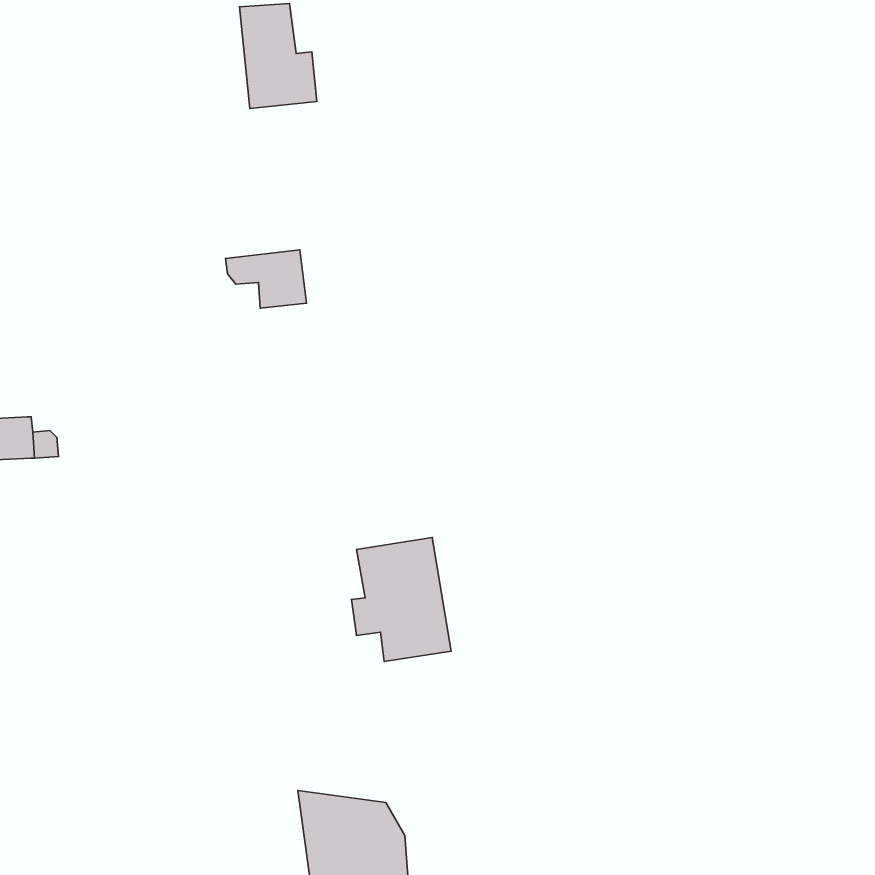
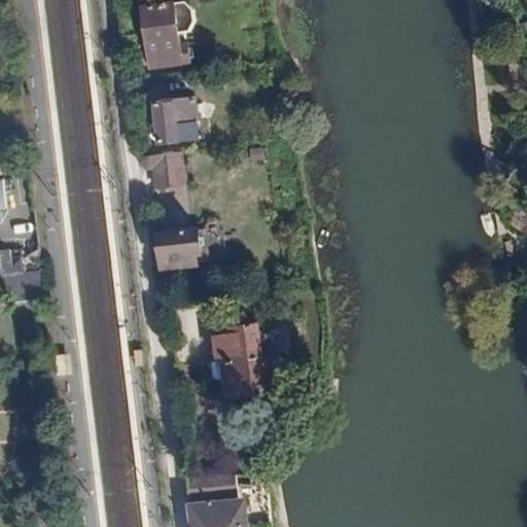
building: none -> [152,101,196,142]
building: none -> [156,230,201,270]

